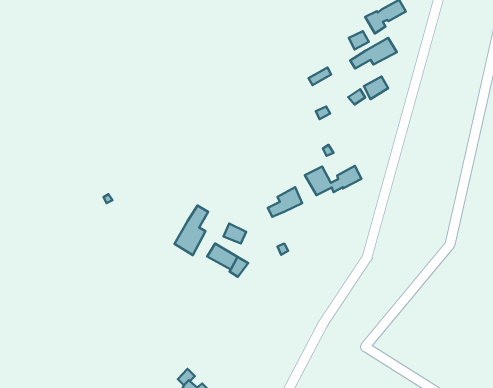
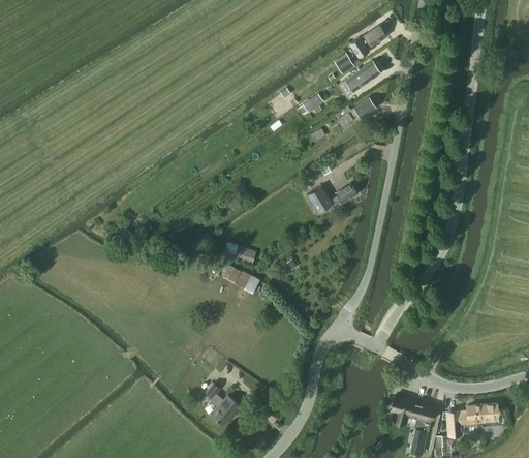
building: [268,187,302,217] -> none
building: [175,206,208,255] -> none

